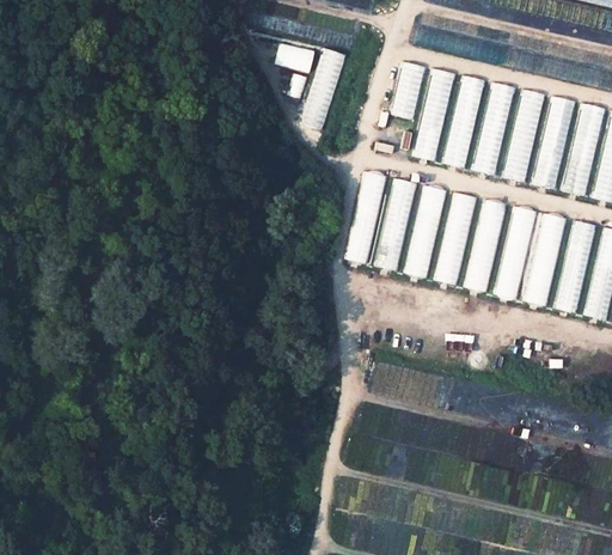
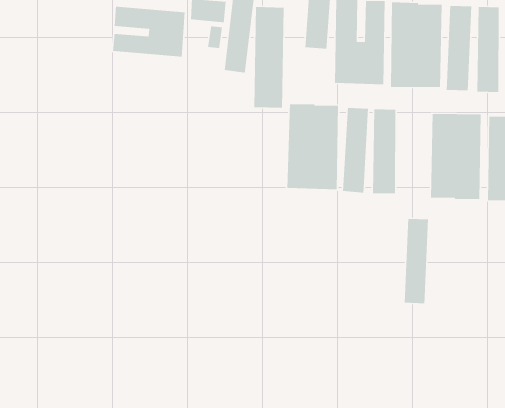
building: none -> [112,6,186,58]
building: none -> [253,6,284,109]
building: [465,197,507,292] -> [404,218,429,304]

